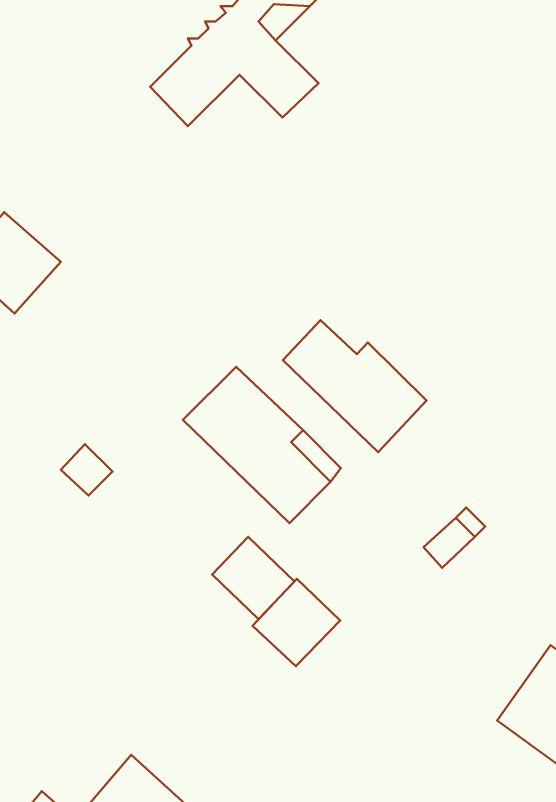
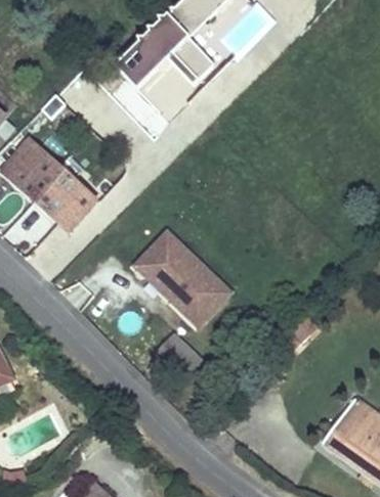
building: none -> [35,171,95,230]
building: [283,320,427,452] -> none
building: [252,579,340,666] -> none

